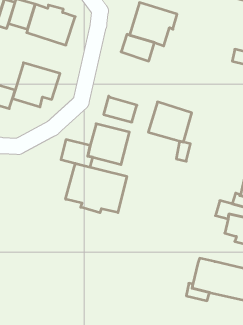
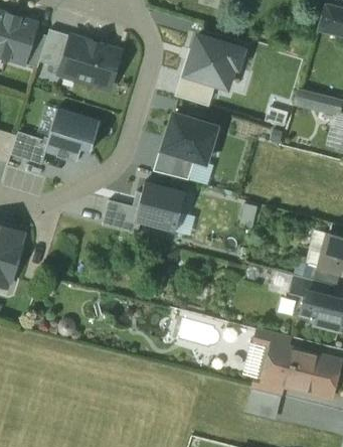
building: [148,102,192,142] -> [163,115,215,163]
building: [66,163,127,213] -> none
building: none -> [254,328,291,350]
building: none -> [247,390,279,420]

